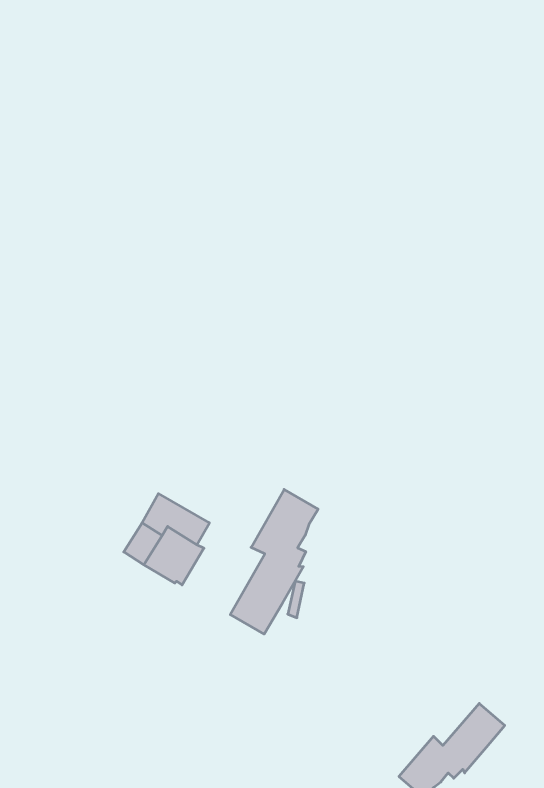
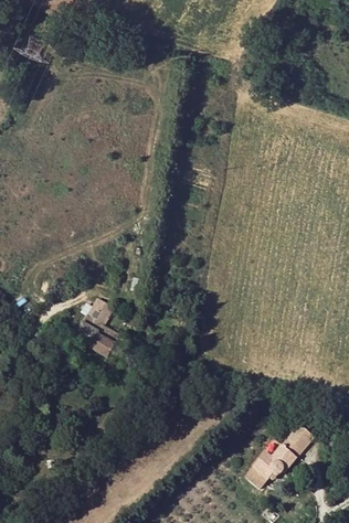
building: [230,489,318,634] -> none

